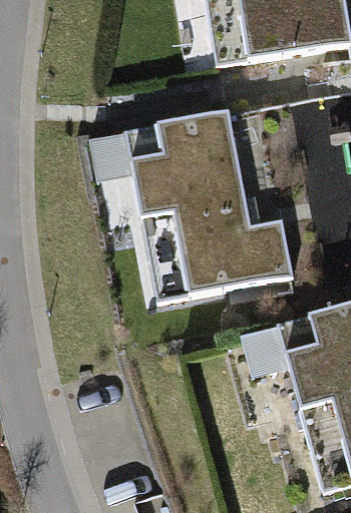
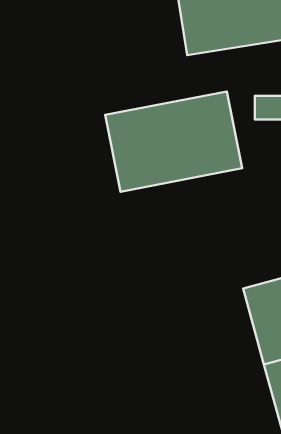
building: [139,189,291,300] -> none

